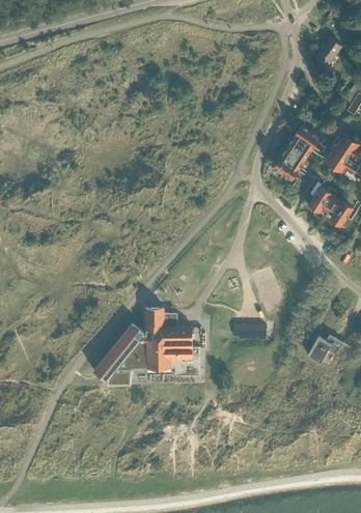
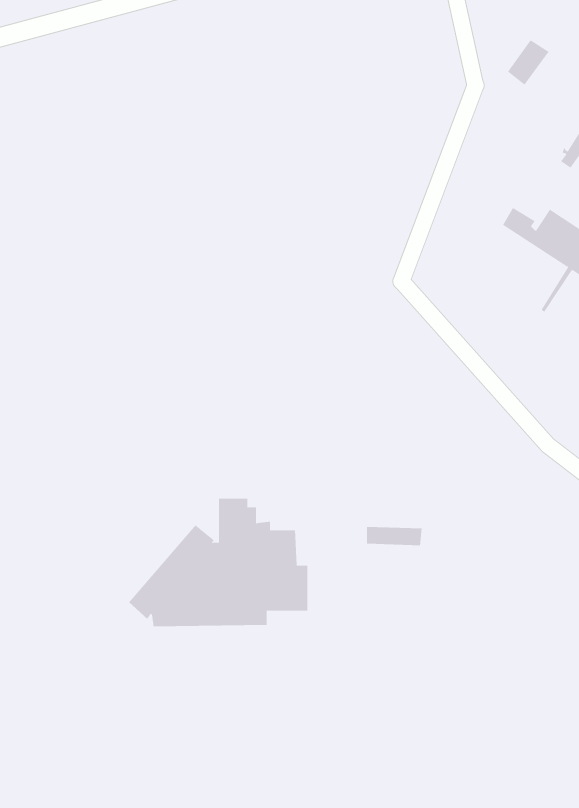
building: [274,126,320,181] -> none
building: [311,188,353,223] -> none
building: [308,336,343,363] -> none

